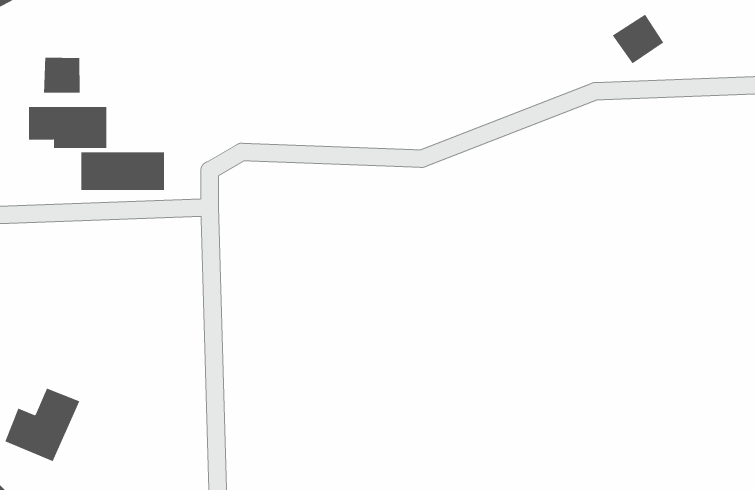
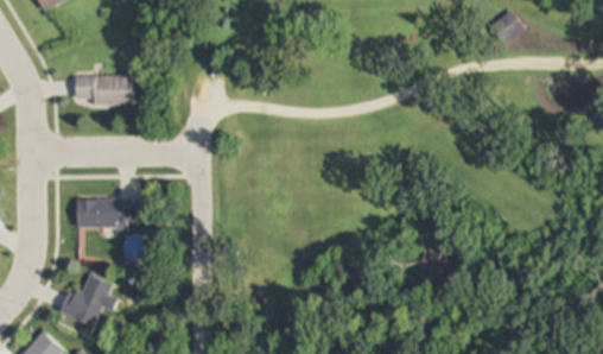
building: [44,57,80,93] -> none
building: [81,152,165,191] -> [76,198,135,226]

